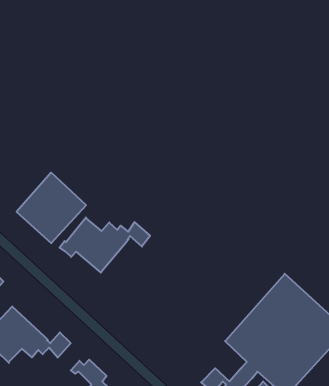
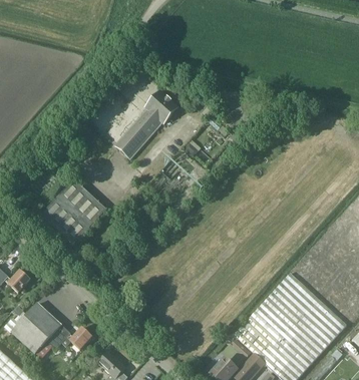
building: none -> [114,90,177,157]
building: [60,217,150,273] -> none

